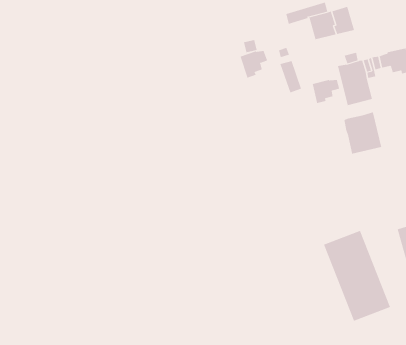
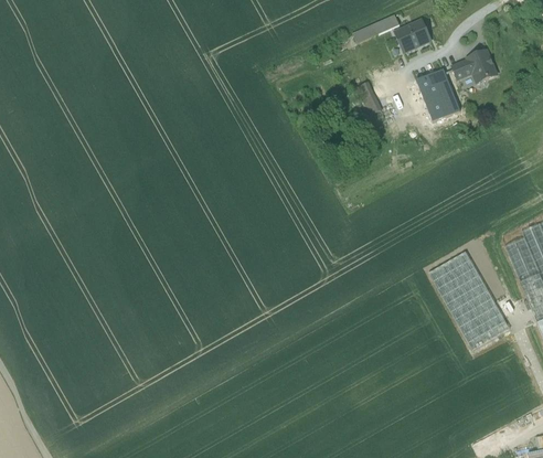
building: [240,50,268,78] -> none
building: [312,79,340,104] -> none
building: [344,112,382,155] -> none

